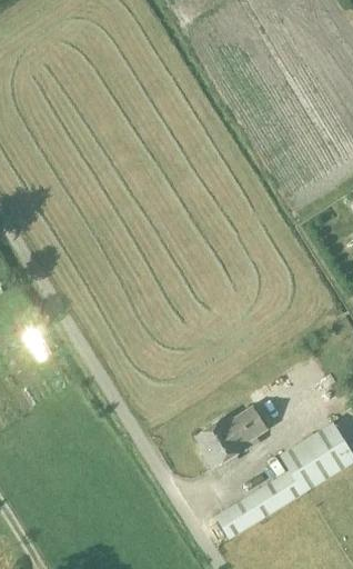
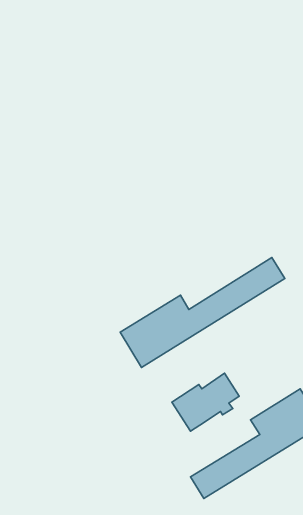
building: none -> [120,258,285,367]

